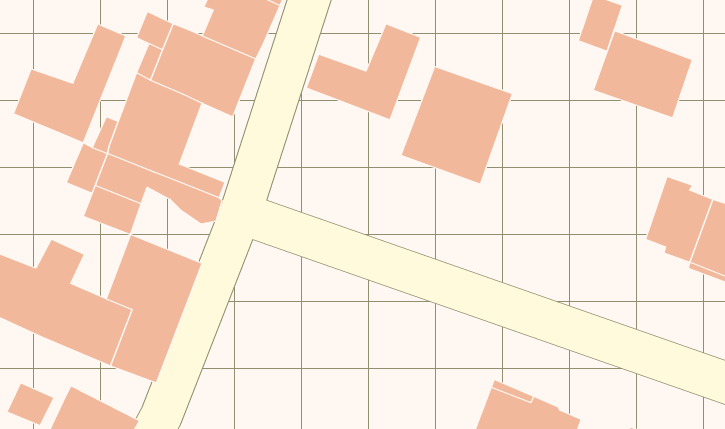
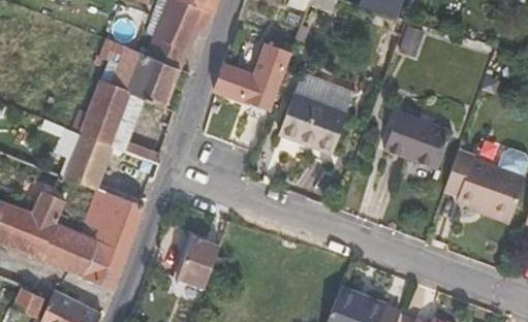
building: [14,24,126,143] -> none
building: [593,31,693,118] -> [383,110,451,169]
building: none -> [176,236,219,289]

